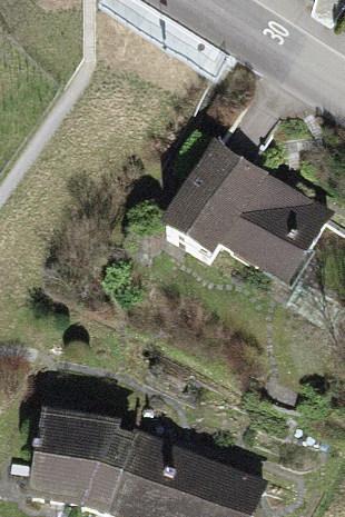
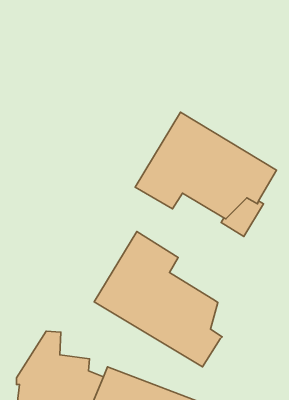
building: none -> [94,232,222,367]

